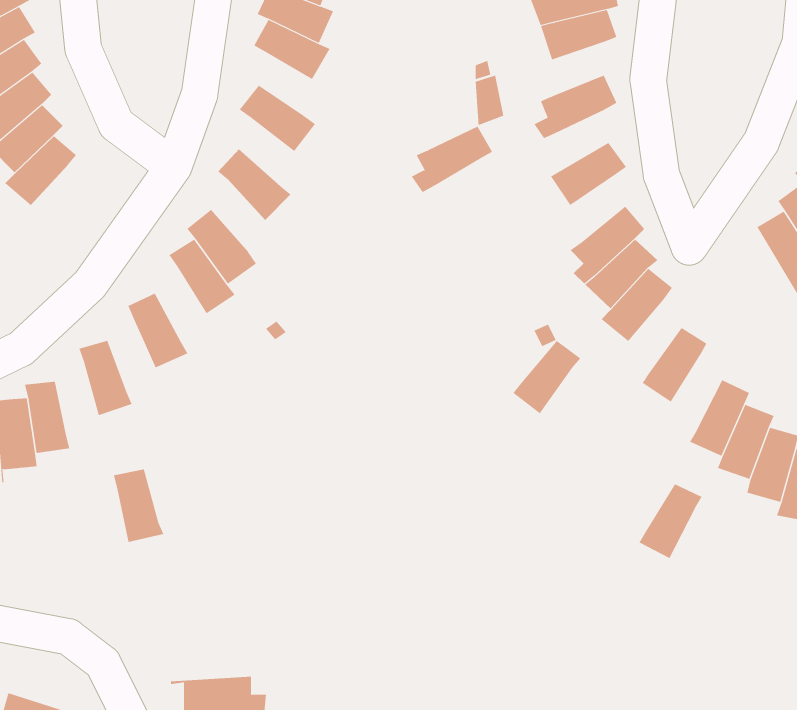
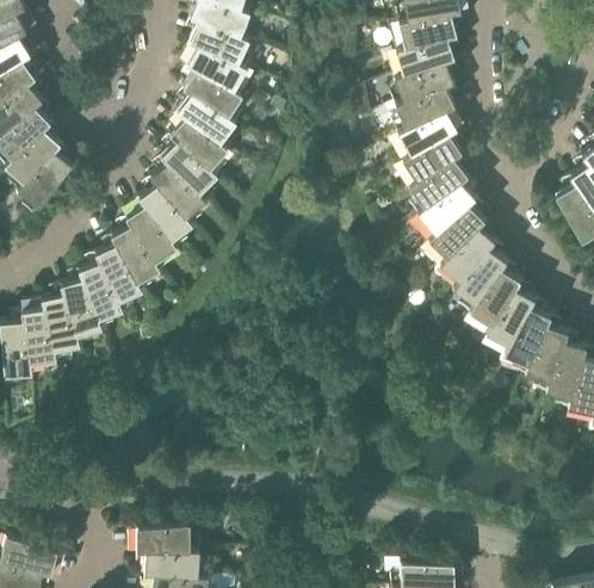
building: none -> [395,64,451,104]
building: none -> [182,72,239,118]
building: none -> [169,119,224,169]
building: [411,126,493,193] -> [395,113,454,162]
building: none -> [19,154,70,215]
building: none -> [409,161,465,210]
building: none -> [150,165,203,217]
building: none -> [111,228,157,283]
building: none -> [79,265,120,320]
building: [512,340,581,414] -> [454,252,505,305]
building: [113,469,164,542] -> [41,297,78,351]
building: [639,484,702,559] -> [487,292,533,347]

